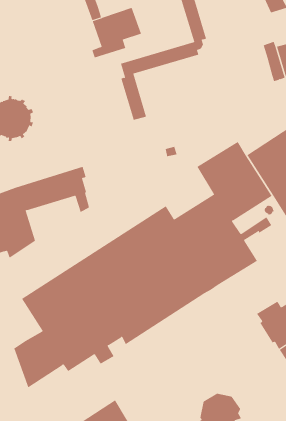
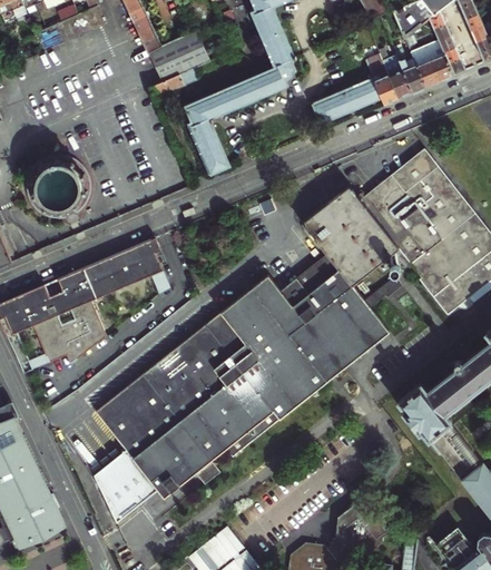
building: none -> [314,78,382,124]

